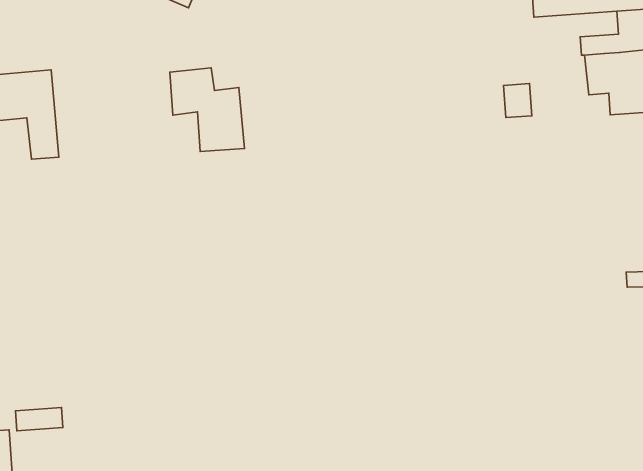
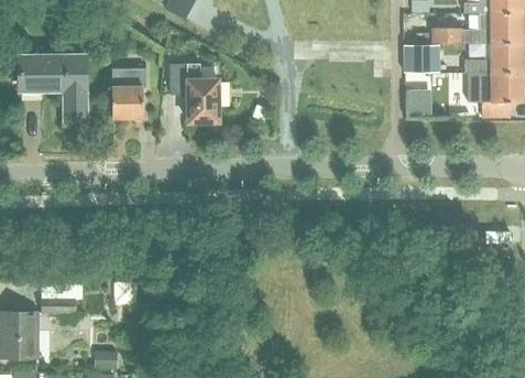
building: none -> [404,44,438,73]
building: none -> [112,68,146,118]

